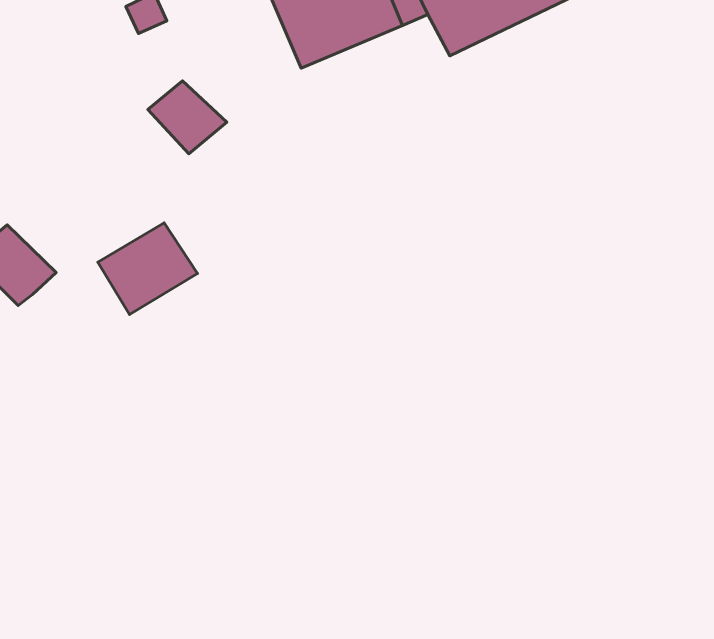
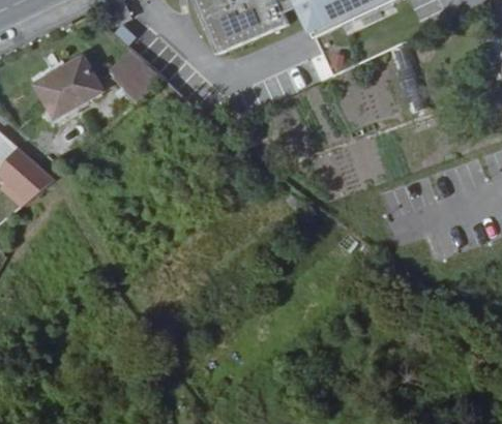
building: [98,223,197,315] -> [38,54,104,114]

